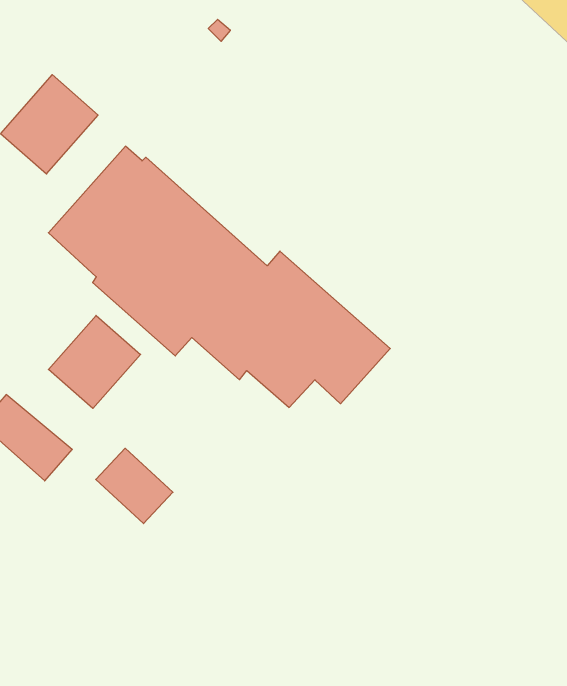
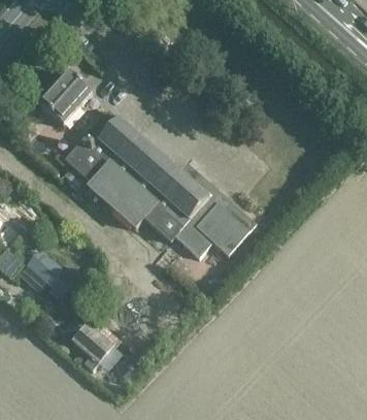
building: [48,315,141,408] -> none
building: [96,448,173,524] -> [73,319,116,361]

